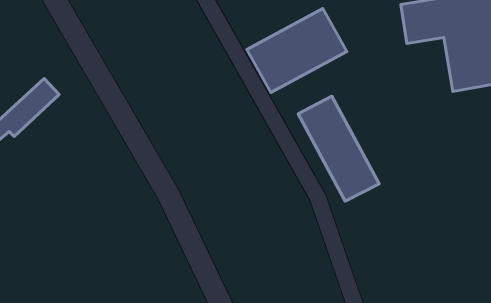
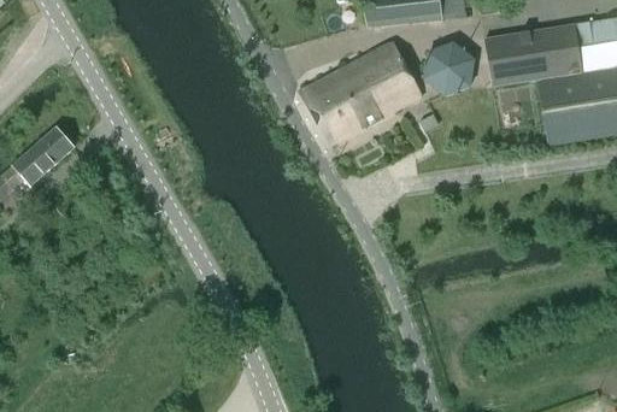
building: none -> [423,41,475,96]
building: [298,96,379,201] -> none

